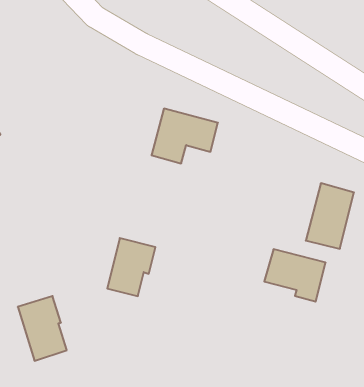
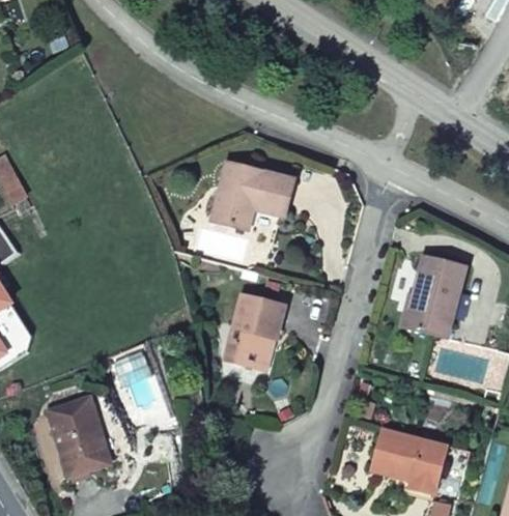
building: [107,238,155,296] -> [226,295,286,368]
building: [264,249,326,302] -> [371,428,448,493]

